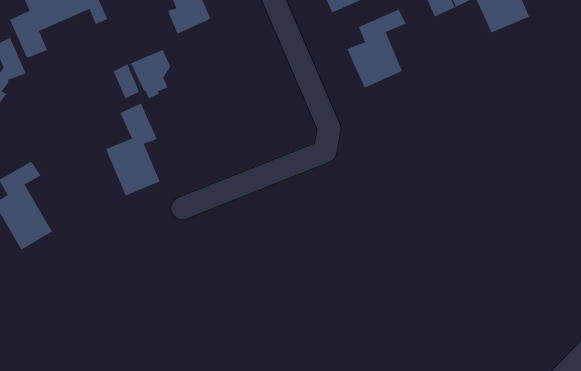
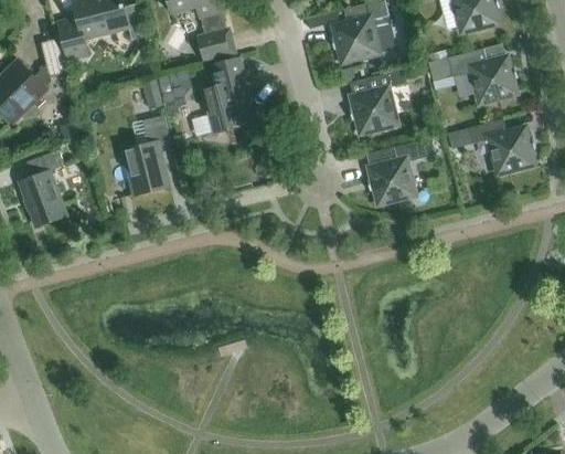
building: none -> [202,56,256,133]
building: none -> [468,119,534,173]
building: none -> [369,137,435,204]

